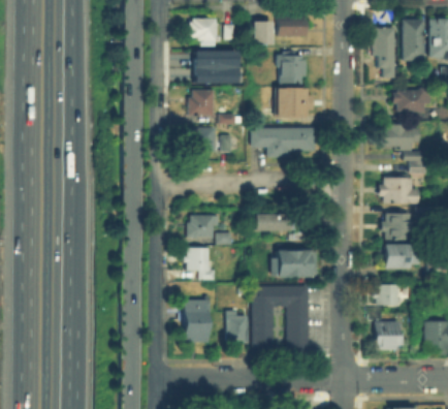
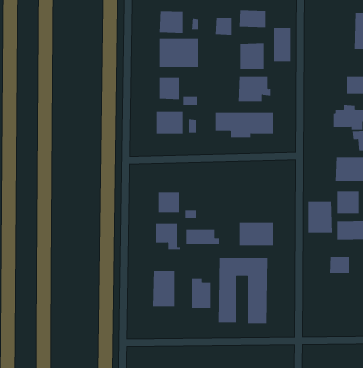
building: [376,28,395,65] -> [273,28,291,62]
building: [257,214,294,230] -> [186,229,220,244]
building: none -> [308,201,333,233]
building: [378,322,403,348] -> none

